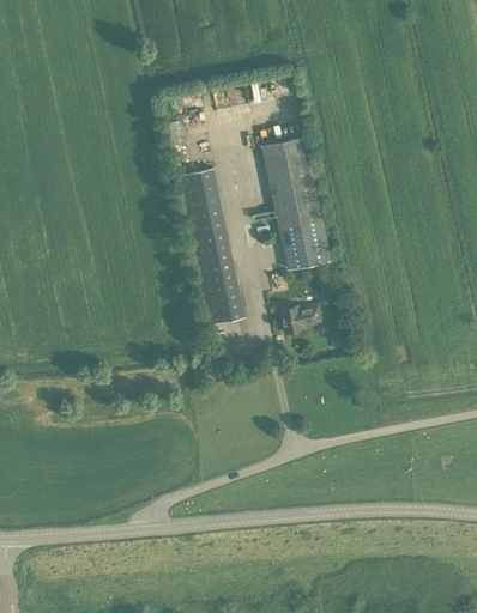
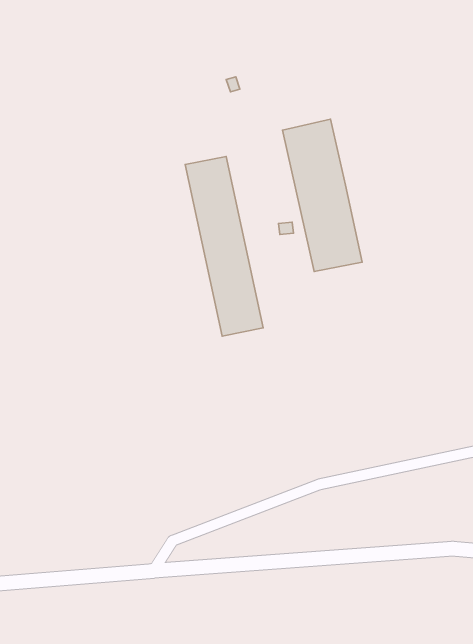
building: [280,304,324,334] -> none

